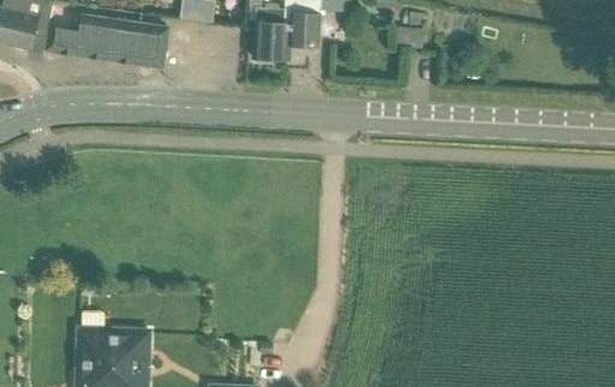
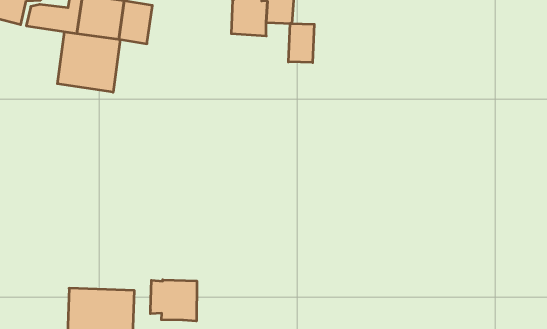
building: none -> [288,23,314,63]
building: none -> [57,32,120,92]
building: none -> [150,280,197,321]

